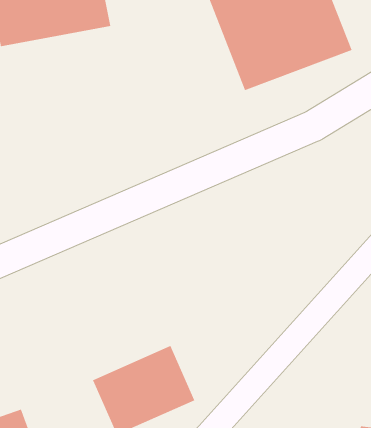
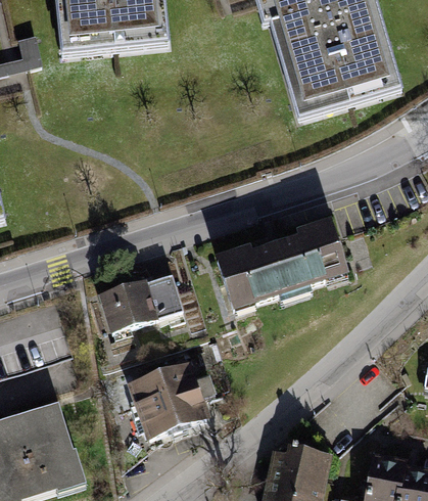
building: none -> [221,222,345,311]
building: none -> [104,275,183,341]

